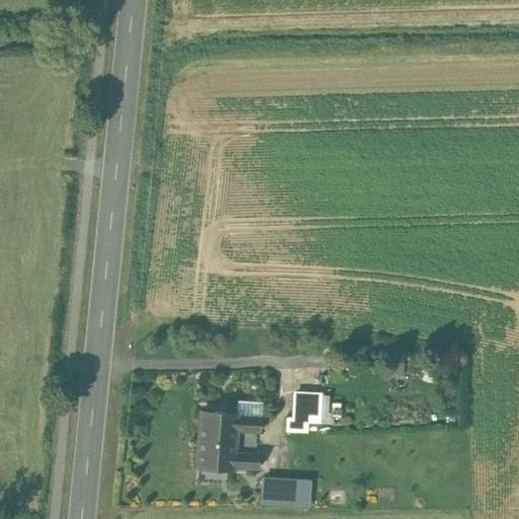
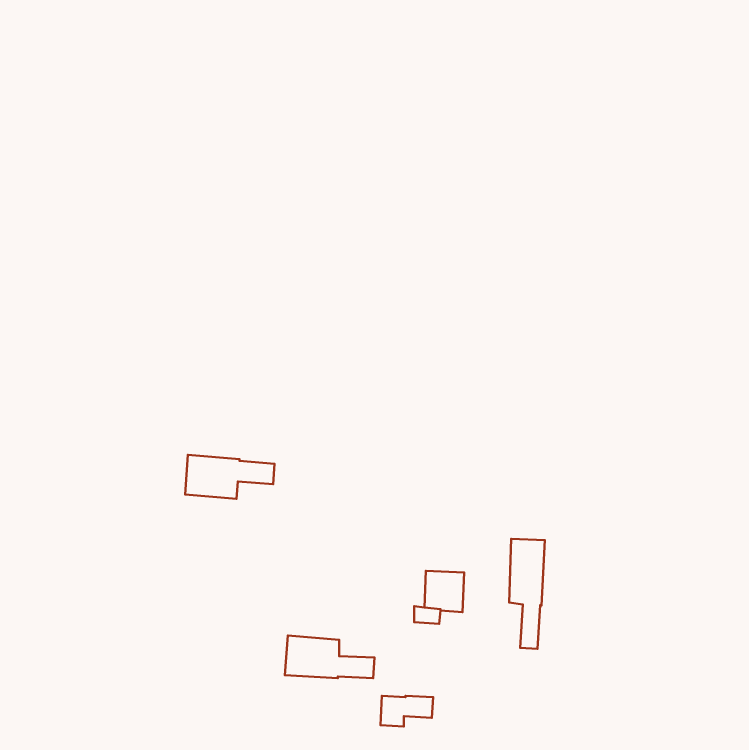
building: none -> [509,539,545,649]
building: [200,412,262,442] -> [185,455,275,499]

